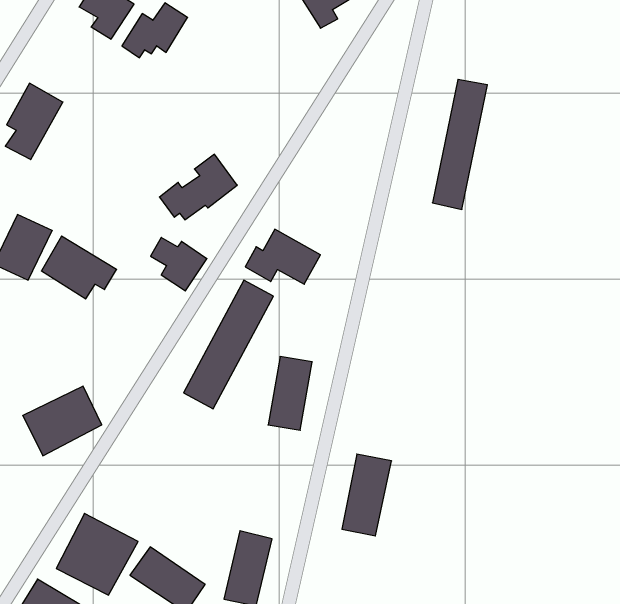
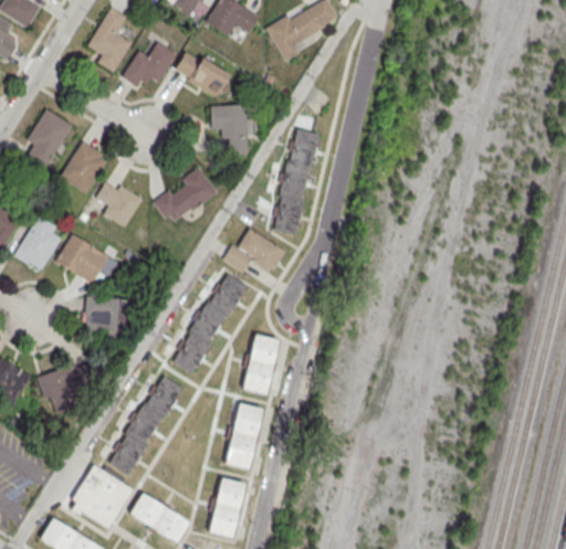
building: none -> [175,47,229,95]
building: none -> [210,104,254,154]
building: [432,79,487,209] -> [274,127,319,234]
building: none -> [61,140,108,192]
building: [151,237,207,291] -> [95,181,142,225]
building: none -> [84,297,129,342]
building: none -> [108,371,181,477]
building: [342,454,392,536] -> [222,401,263,468]

